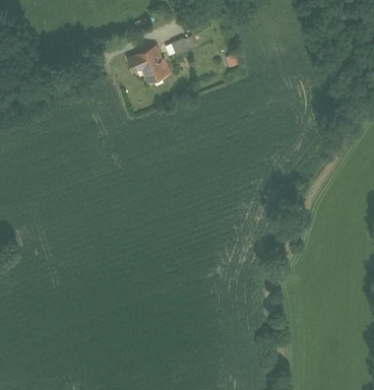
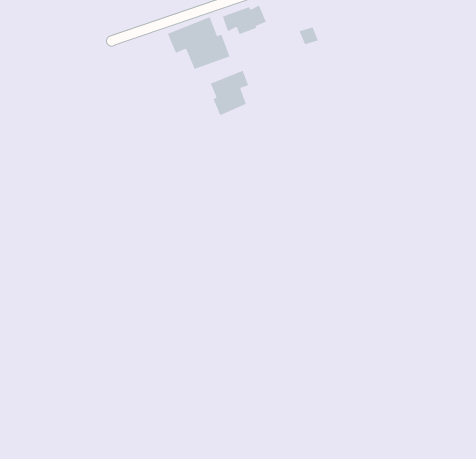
building: none -> [210,70,249,116]

